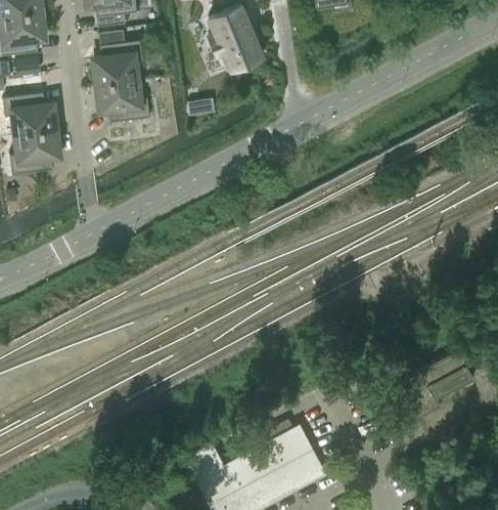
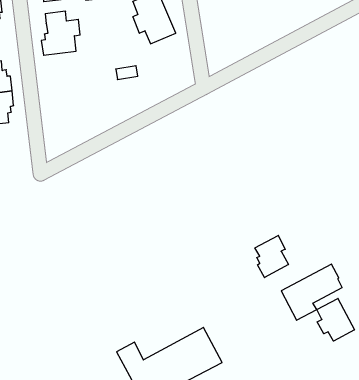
building: [97,80,150,123] -> none
building: none -> [255,235,288,278]
building: none -> [317,298,354,341]

